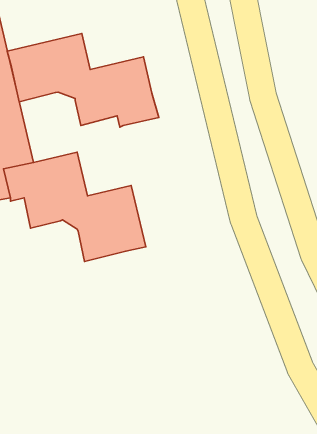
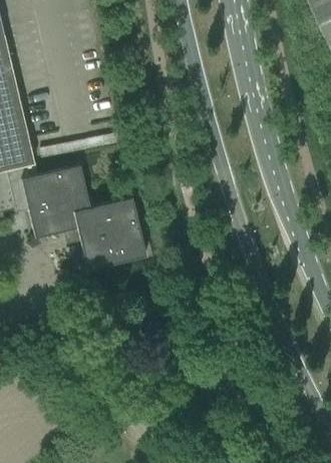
building: [7,33,159,127] -> none

